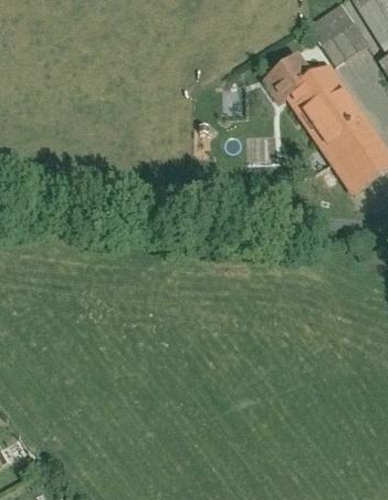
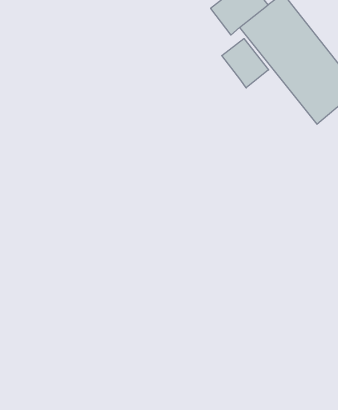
building: none -> [222,39,269,88]

